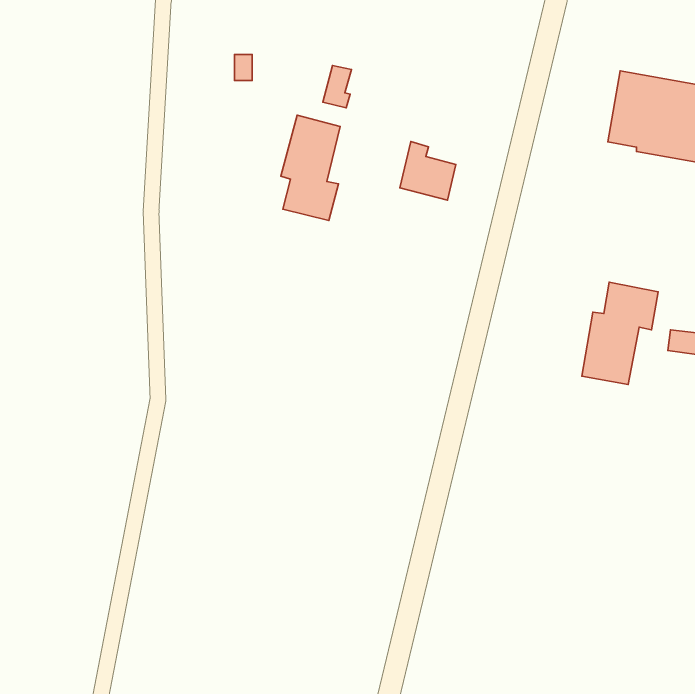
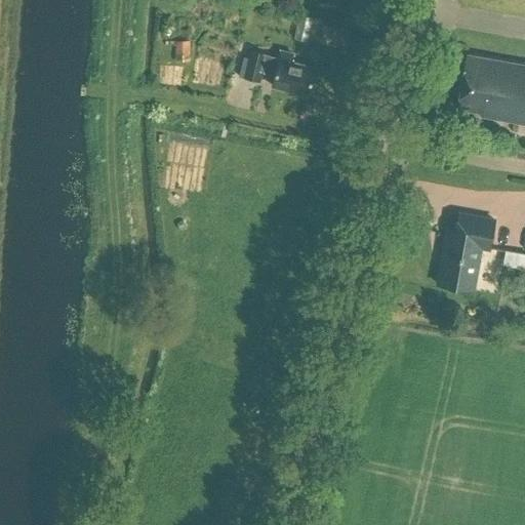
building: [281,115,340,220] -> none
building: [400,141,456,200] -> [273,51,315,95]

